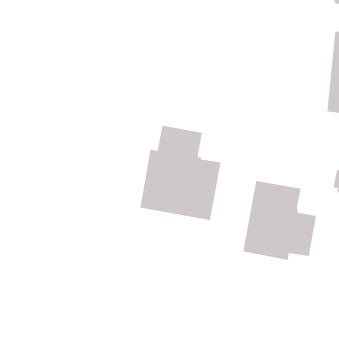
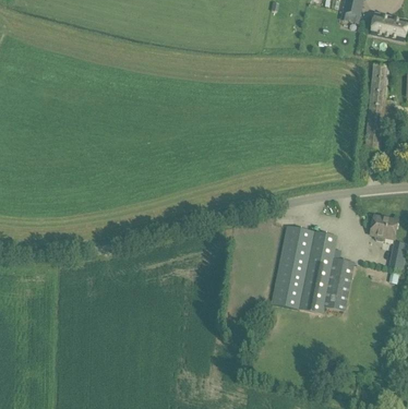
building: [140,125,221,221] -> none

